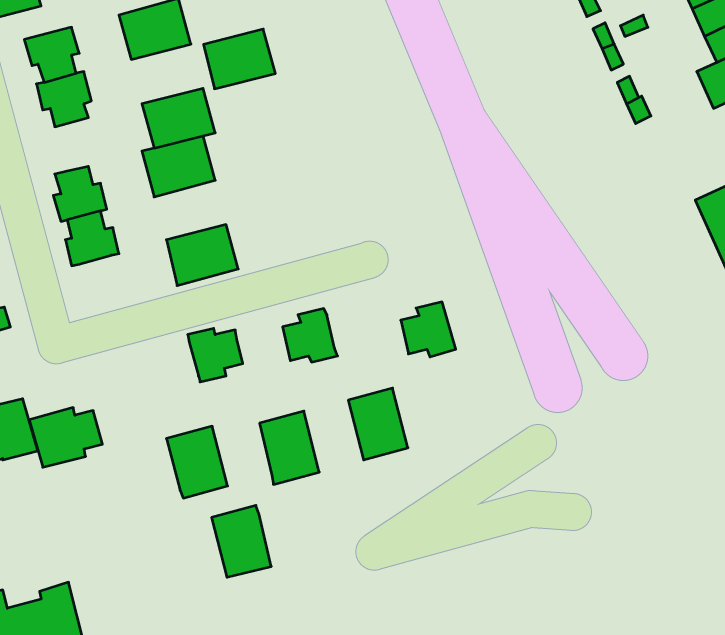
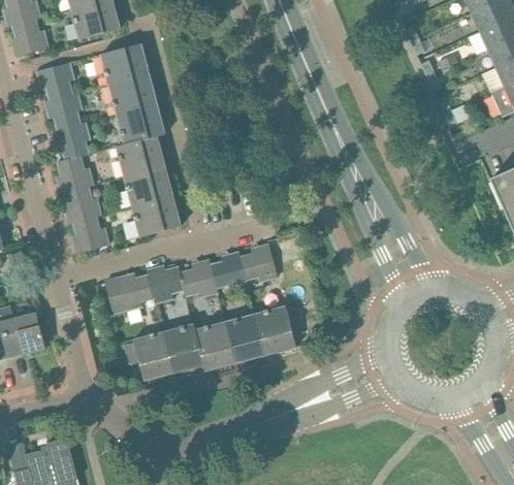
building: [204,29,275,89] -> [108,73,157,114]
building: none -> [53,122,89,159]
building: none -> [124,165,172,205]
building: none -> [71,216,108,253]
building: [401,302,456,357] -> [240,244,278,281]
building: none -> [180,259,218,296]
building: none -> [225,314,265,362]
building: [29,408,102,467] -> [104,272,154,313]
building: [212,505,271,577] -> [163,323,203,371]

